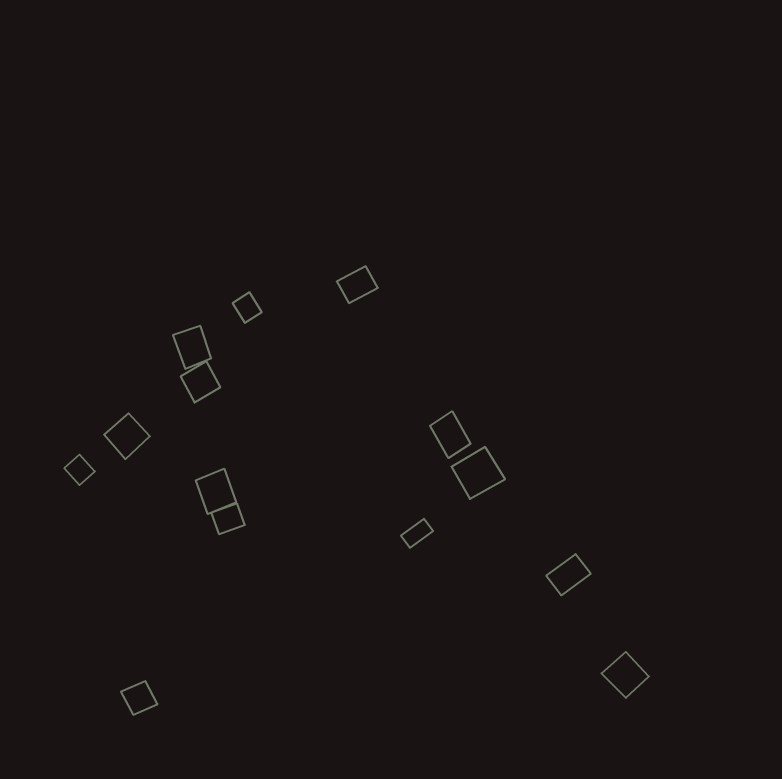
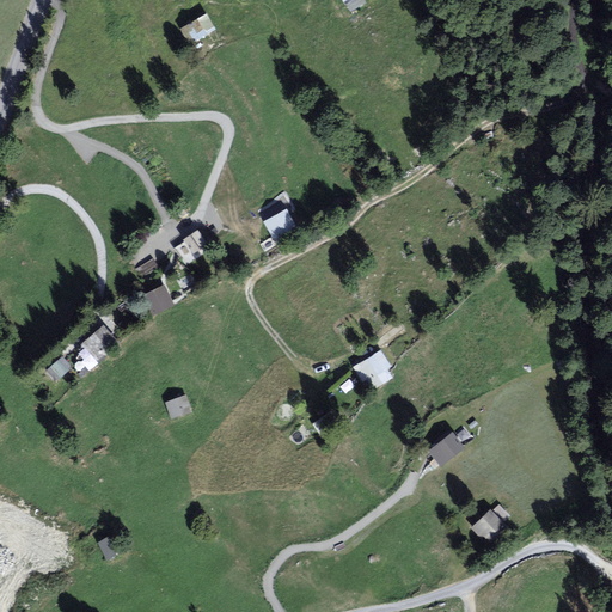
building: none -> [179,13,215,45]
building: [430,411,471,458] -> none
building: [196,469,236,514] -> none

